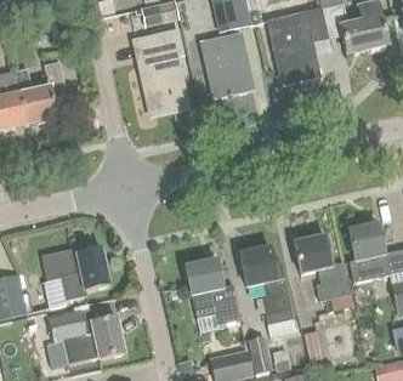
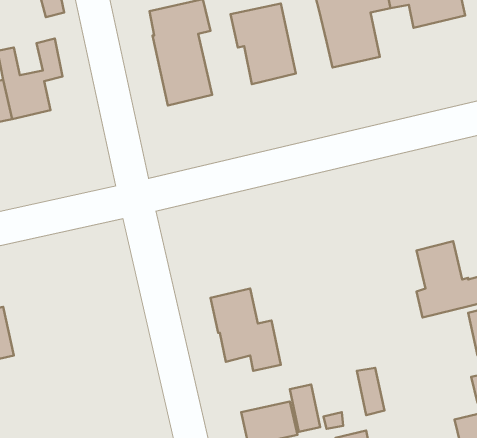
building: [294,235,352,312] -> none
building: [42,248,110,300] -> none
building: [239,248,295,339] -> none
building: [50,309,125,364] -> none

